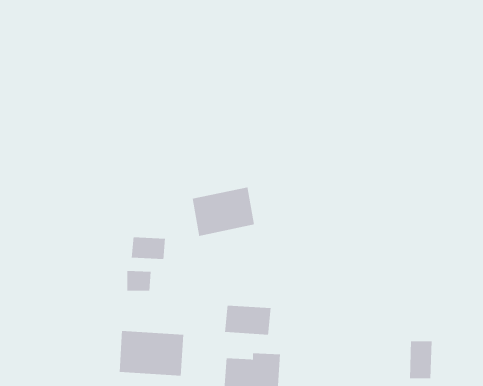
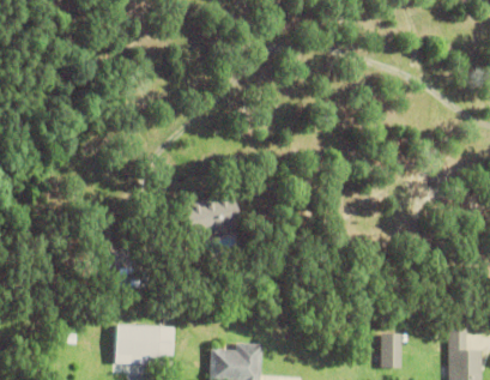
building: [131,236,166,260] -> none
building: [225,305,271,335] -> none

